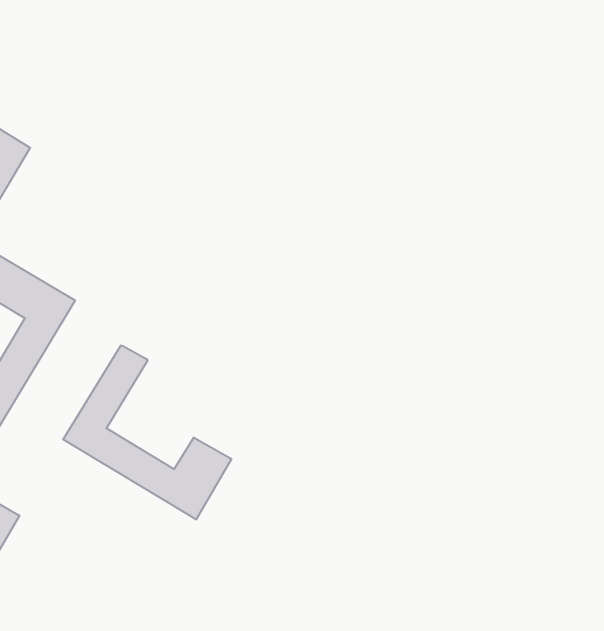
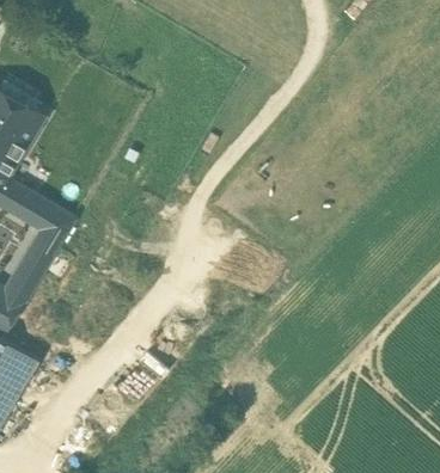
building: [63,345,231,520] -> none

